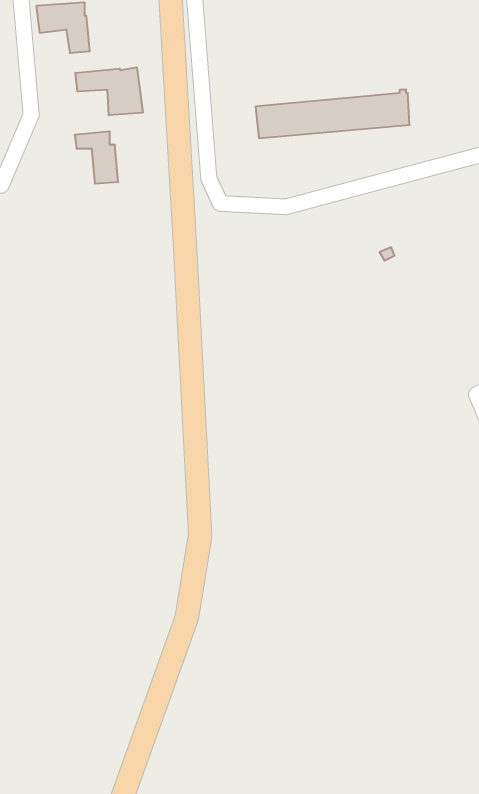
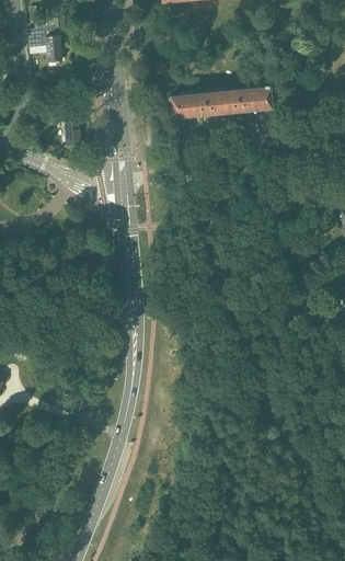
building: [75,67,143,115] -> none

